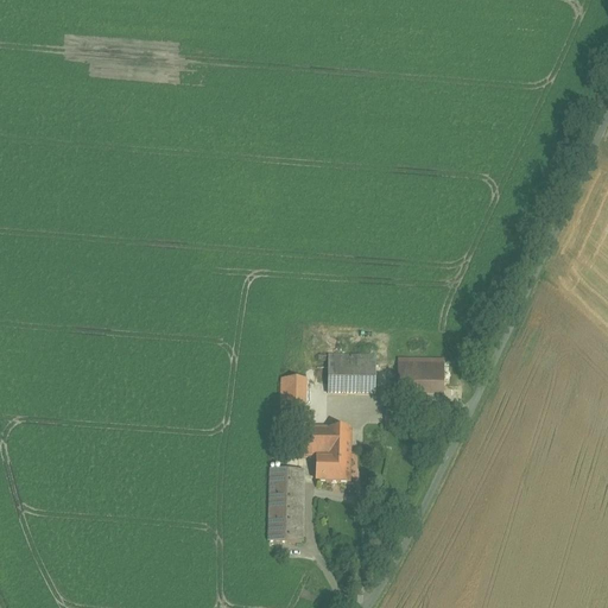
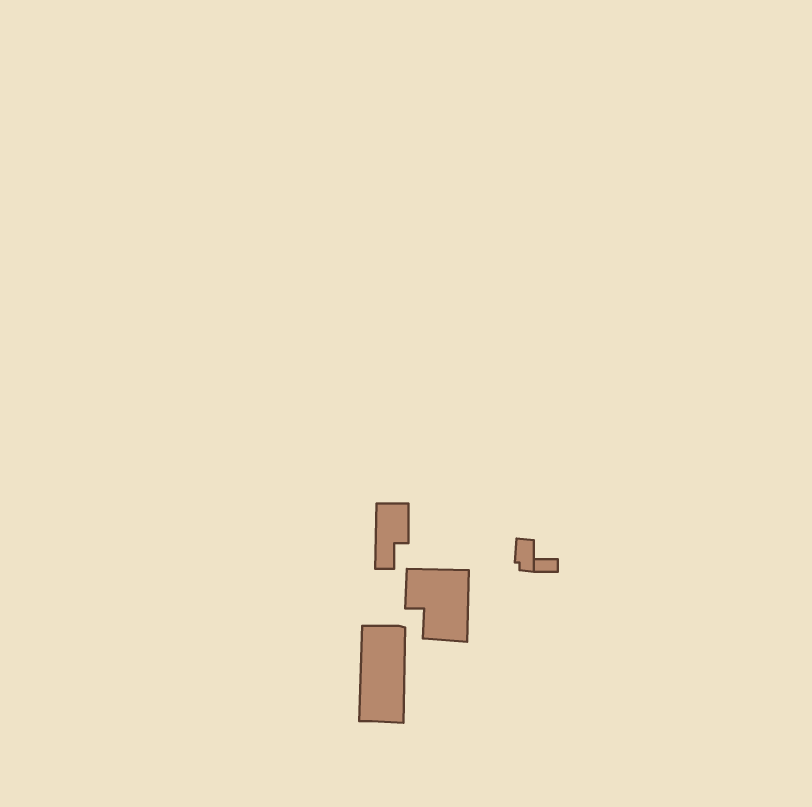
building: [328,353,375,391] -> none
building: [397,361,443,382] -> none

